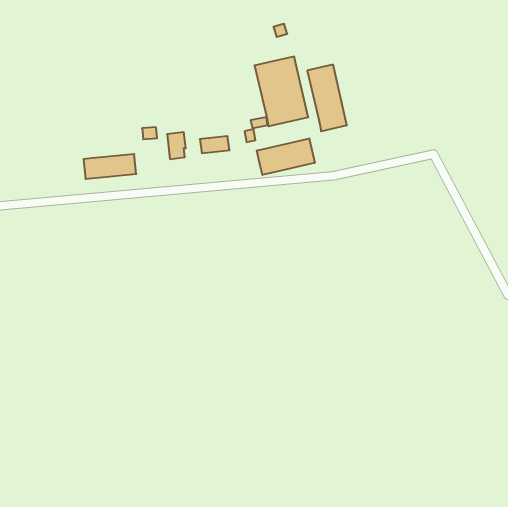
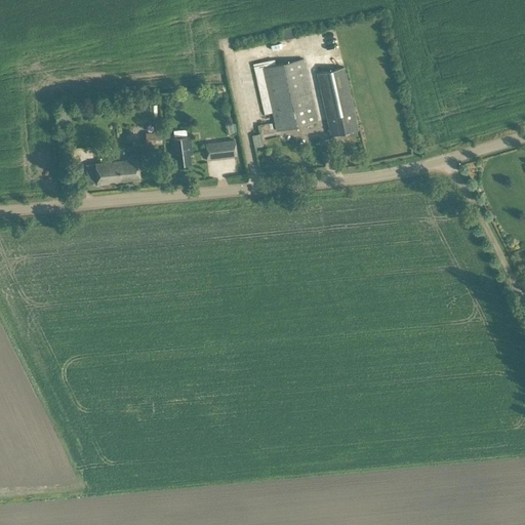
building: [257,138,315,175] -> none

